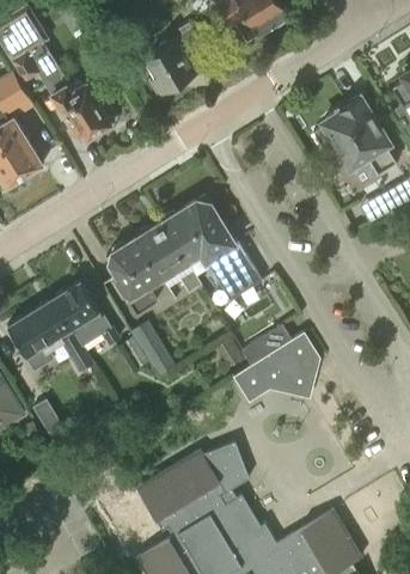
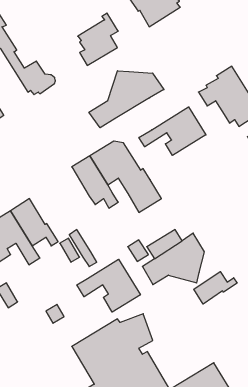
building: none -> [89,71,164,128]
building: none -> [139,107,206,155]
building: [104,237,161,322] -> none
building: none -> [77,259,140,312]
building: none -> [194,272,237,304]

